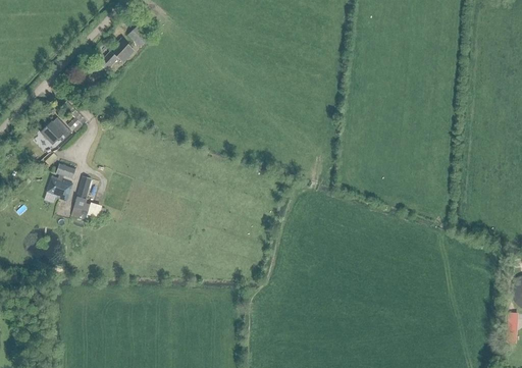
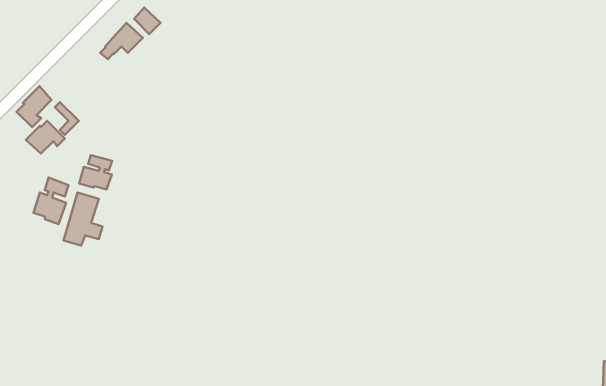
building: none -> [16,86,52,127]
building: none -> [79,155,112,190]

